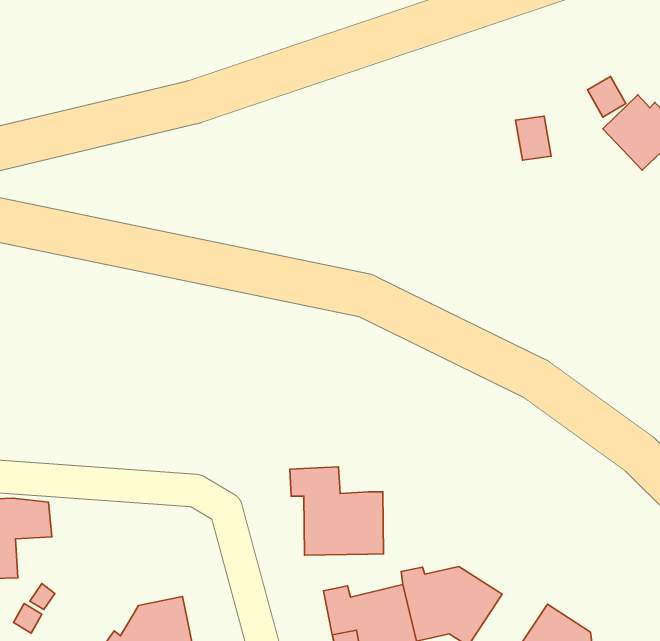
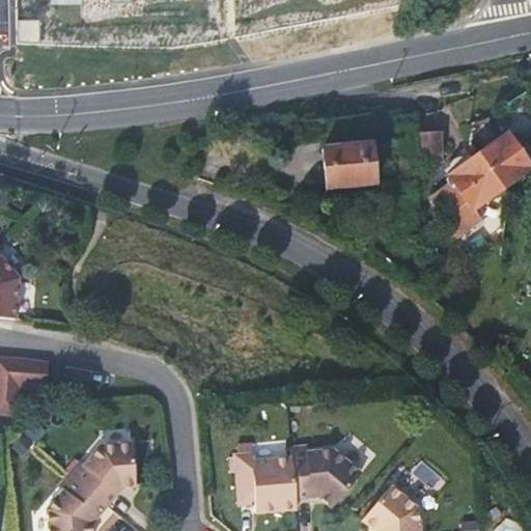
building: none -> [436,152,501,232]
building: none -> [320,143,373,186]
building: [290,467,384,555] -> none

